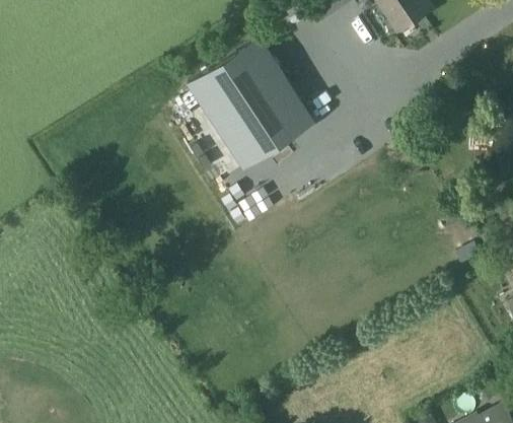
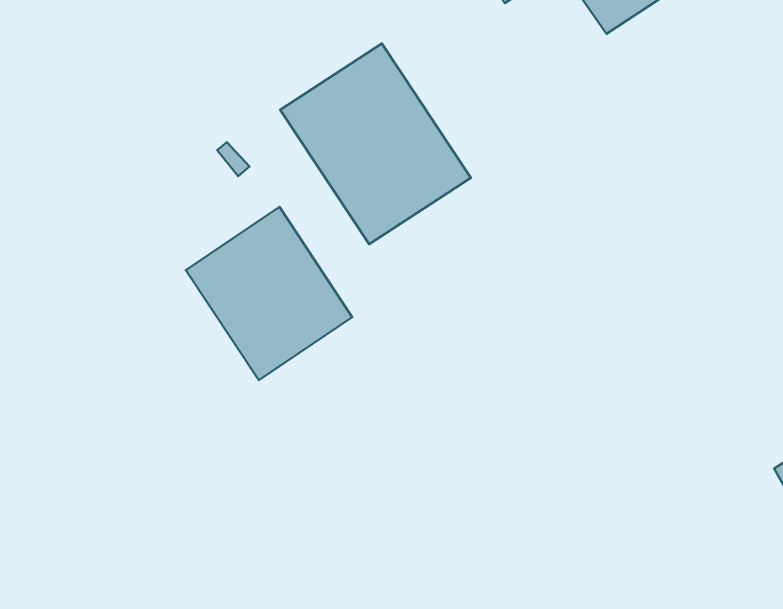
building: none -> [186,207,352,380]

